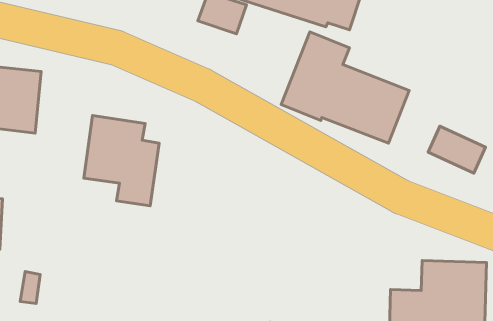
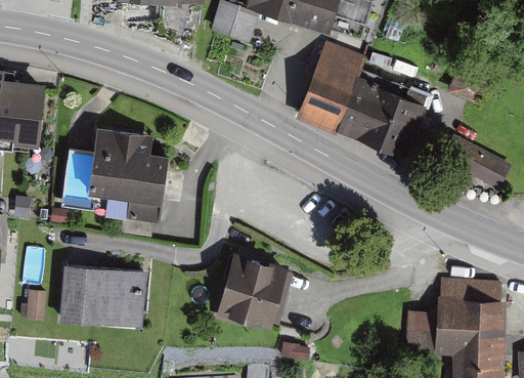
building: none -> [219,254,291,331]
building: none -> [60,265,146,330]

